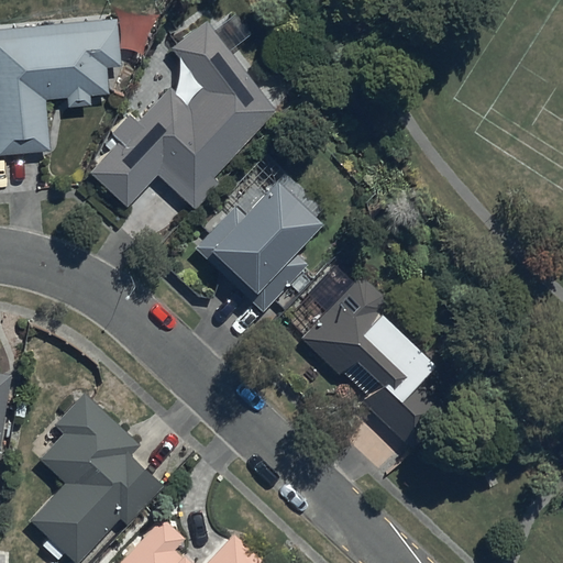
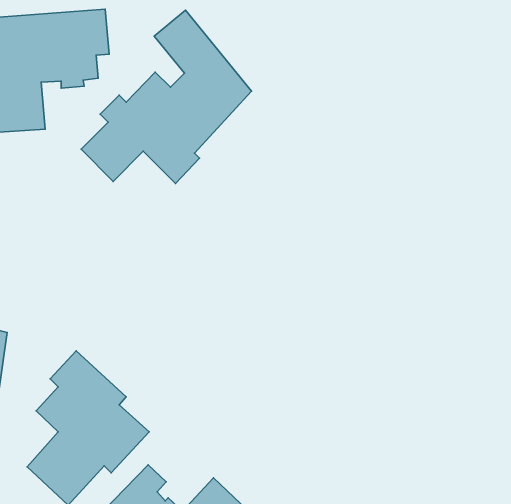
building: [191,170,322,312] -> none
building: [299,280,448,451] -> none

